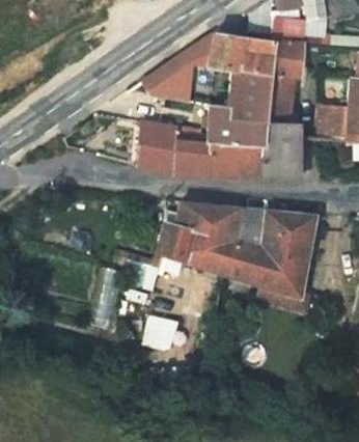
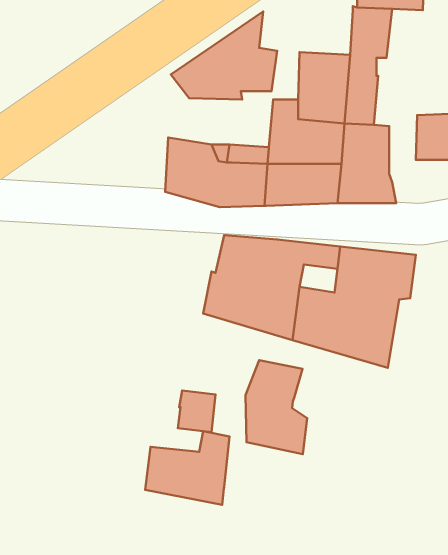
building: [204,30,274,66] -> none
building: none -> [246,360,307,454]
building: none -> [145,431,229,505]

